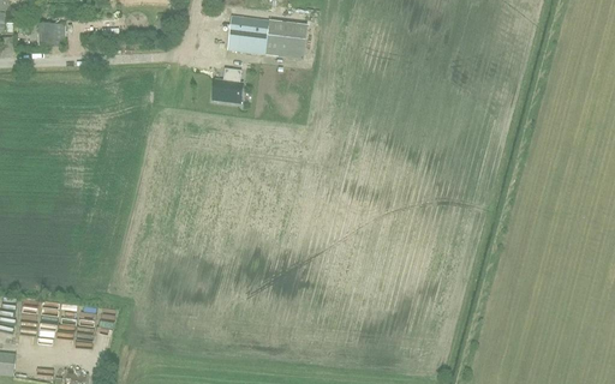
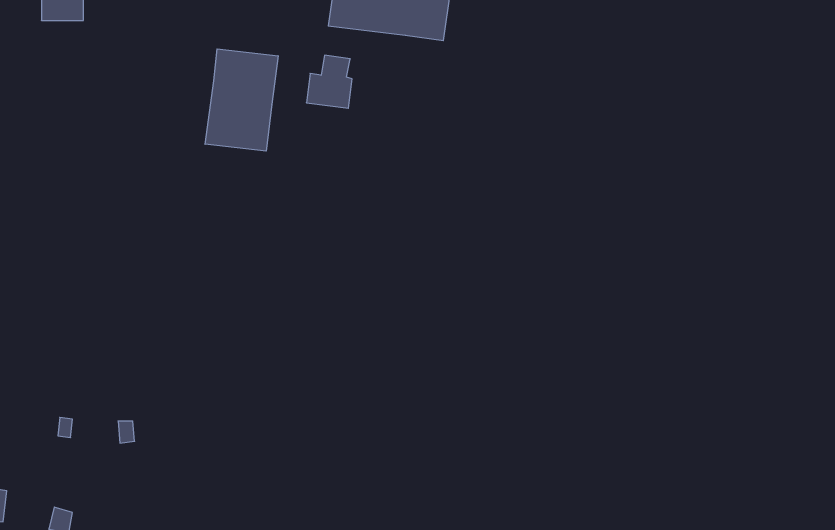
building: none -> [205,49,278,151]

